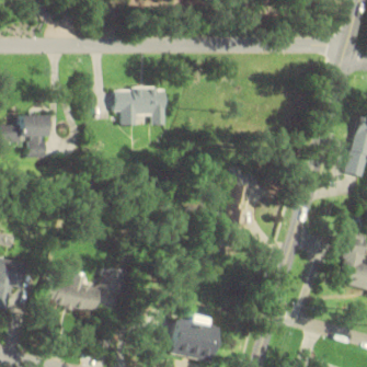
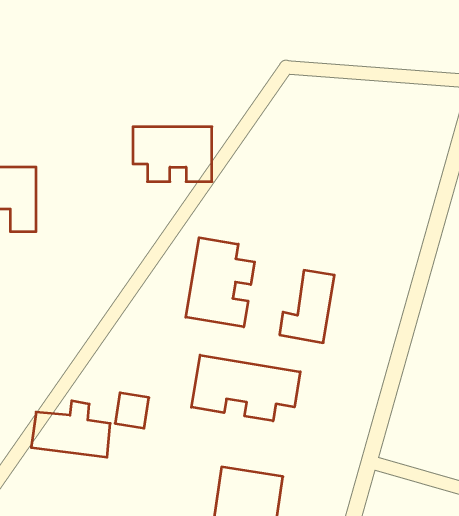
building: none -> [186,238,255,327]
building: none -> [191,355,300,421]

